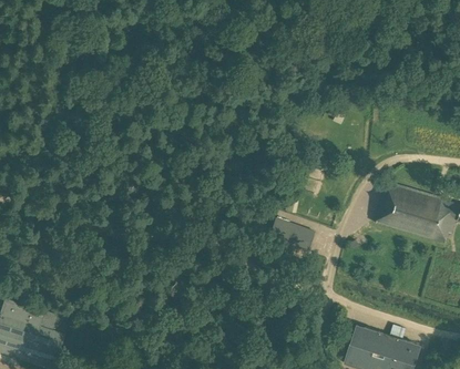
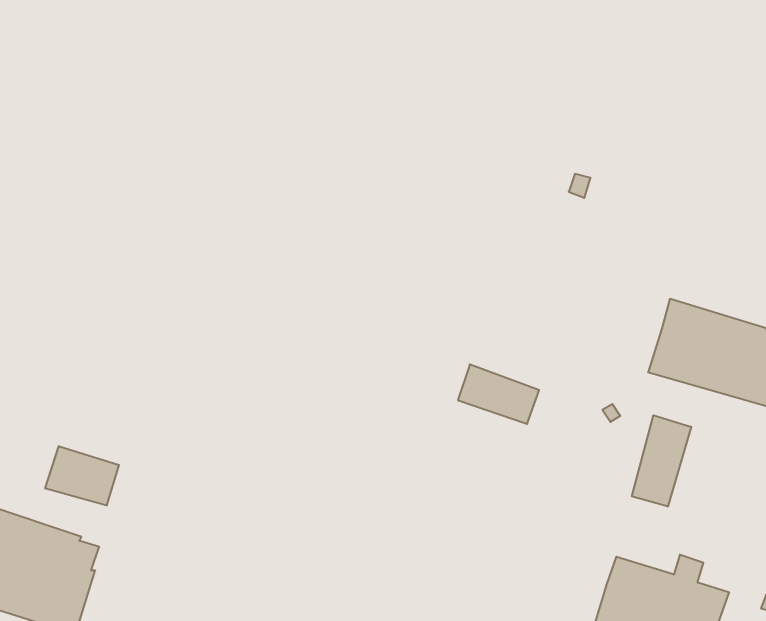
building: none -> [632,415,691,507]
building: none -> [45,446,119,505]

